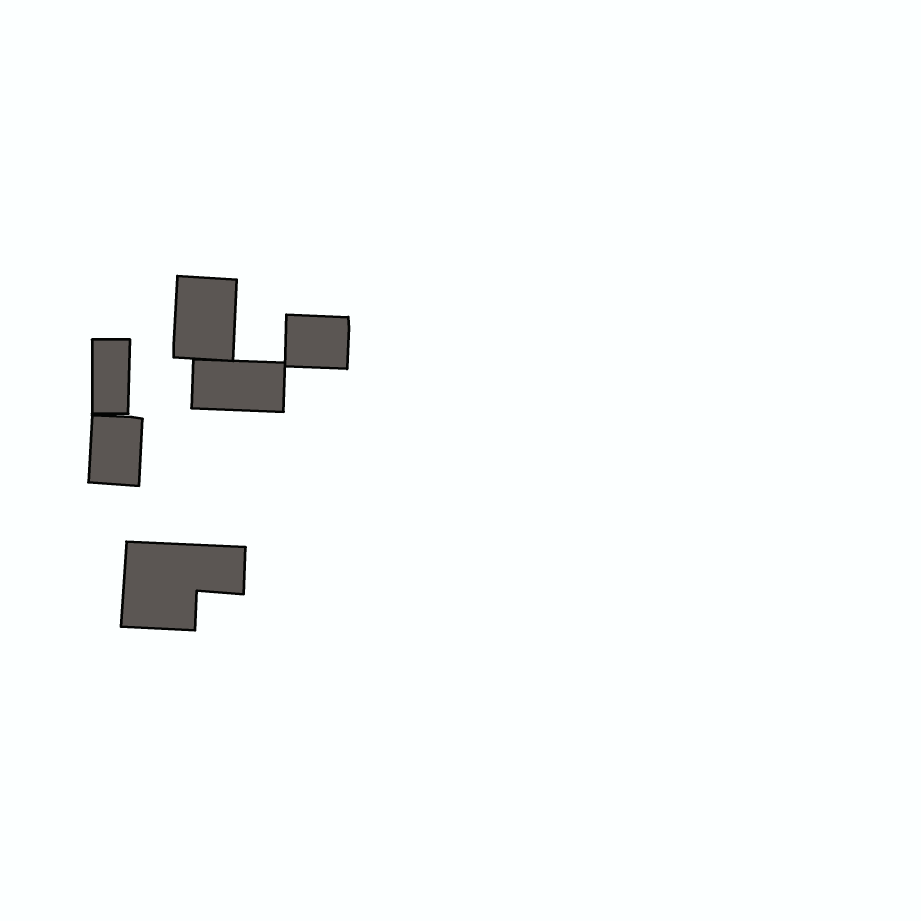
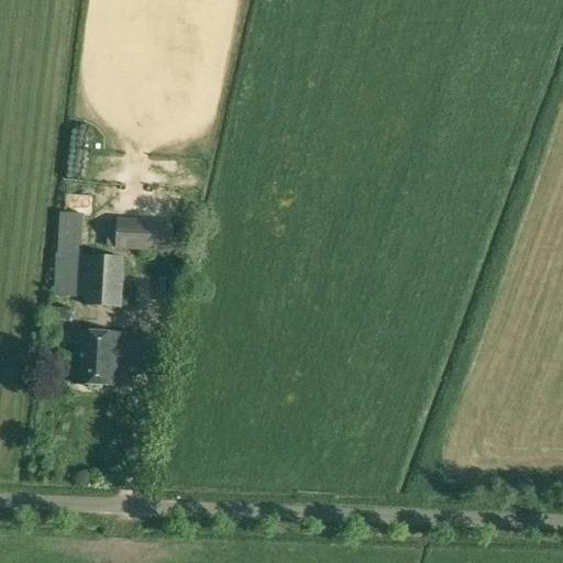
building: [174,276,237,361] -> [86,254,124,306]
building: [285,315,349,369] -> none

